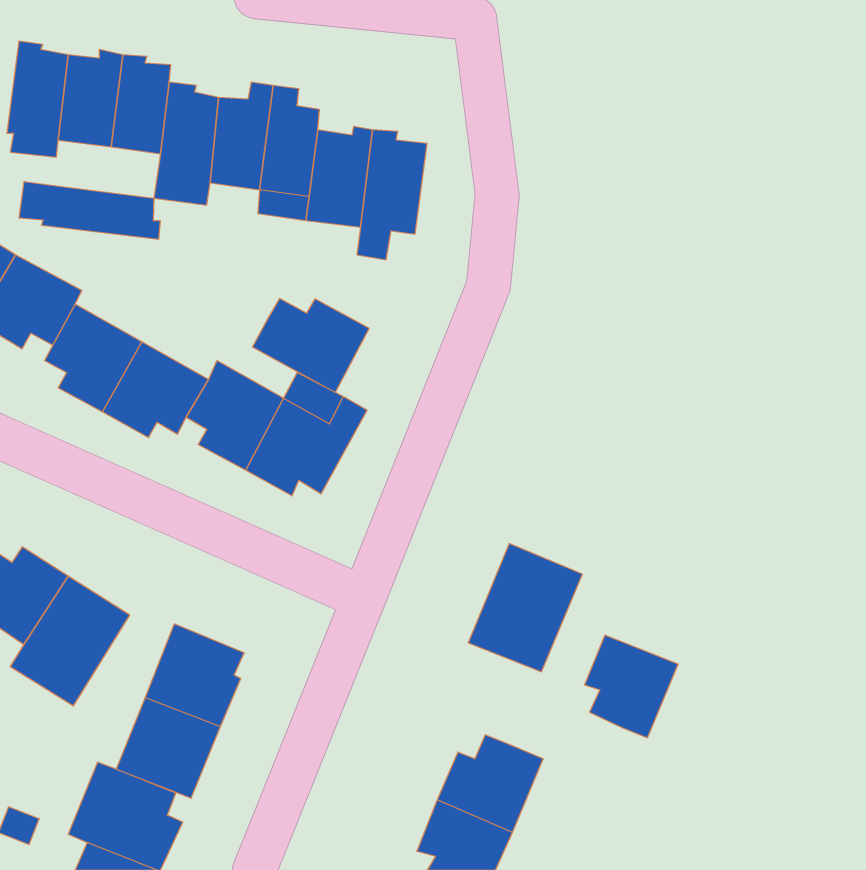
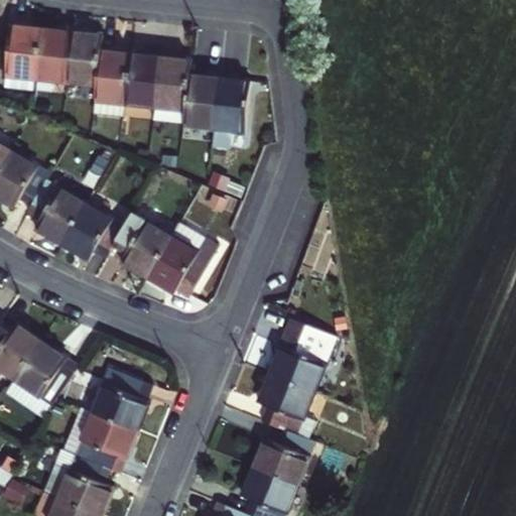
building: [19,181,160,240] -> none
building: [253,298,369,392] -> none
building: [584,635,678,738] -> [264,379,319,439]

